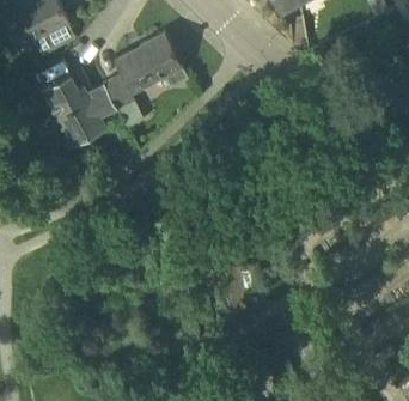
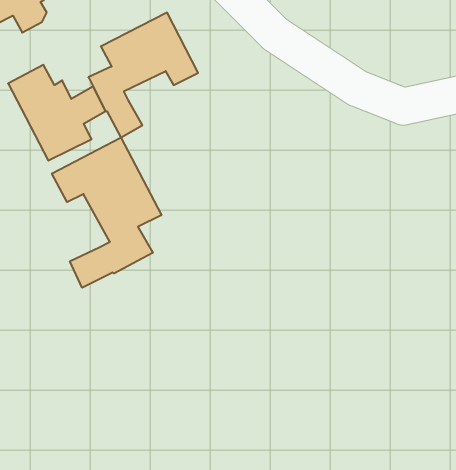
building: none -> [52,138,161,288]

